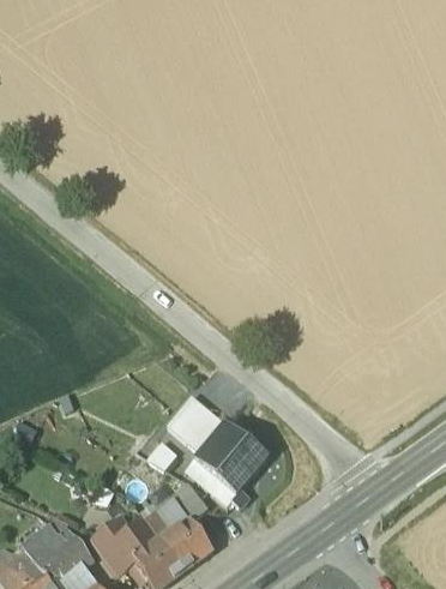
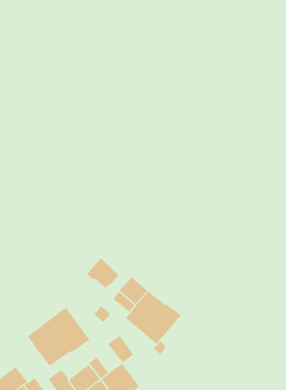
building: none -> [87,258,119,289]
building: none -> [27,307,90,367]

